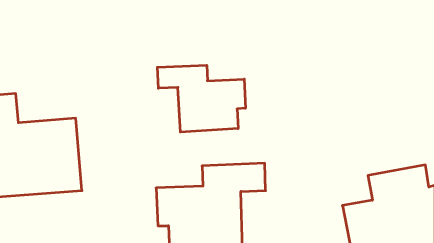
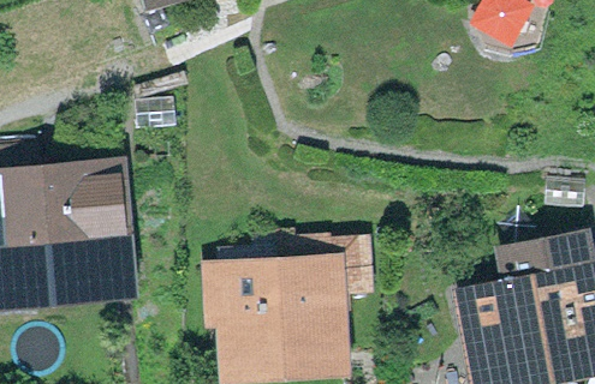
building: [157,65,245,132] -> none

